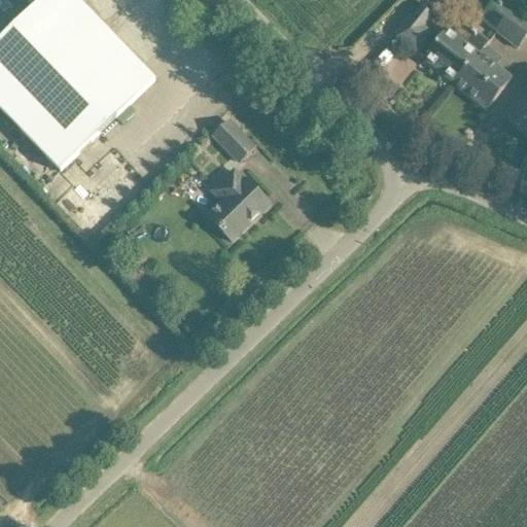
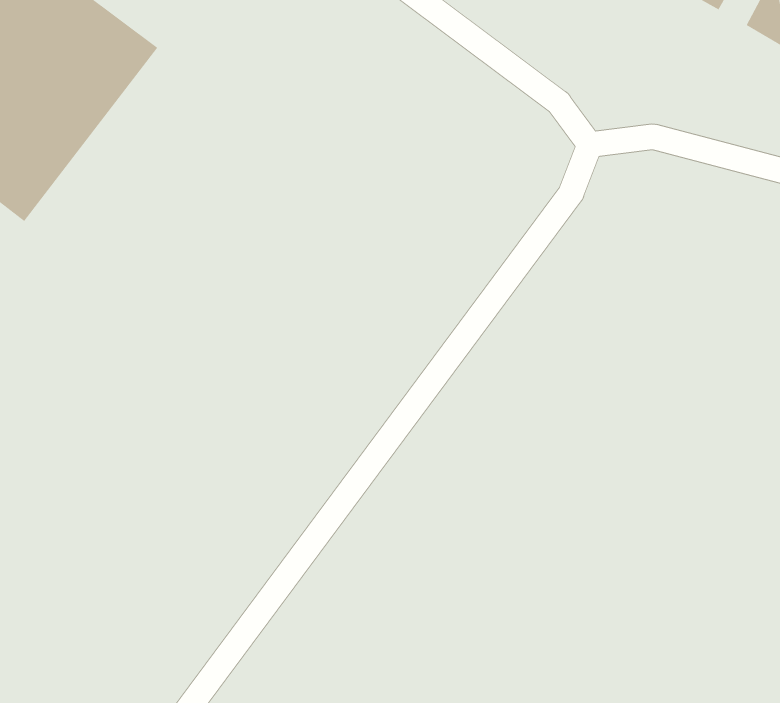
building: [214,120,254,161] -> none
building: [208,170,271,240] -> none

